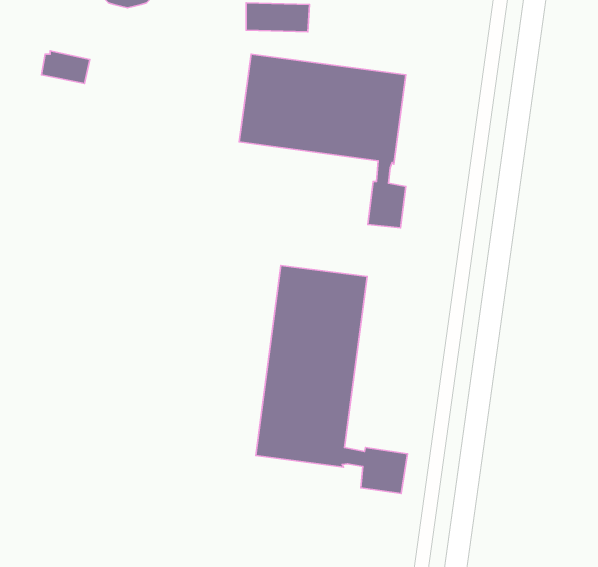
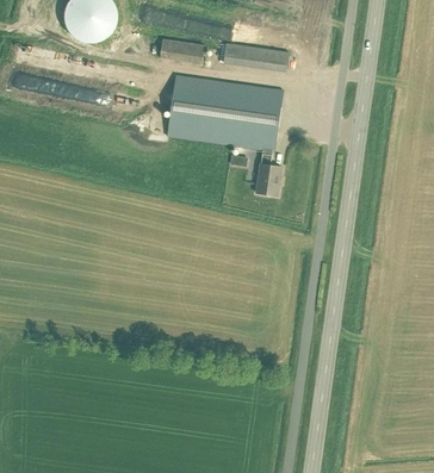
building: none -> [224,43,290,71]
building: [256,265,408,494] -> none

